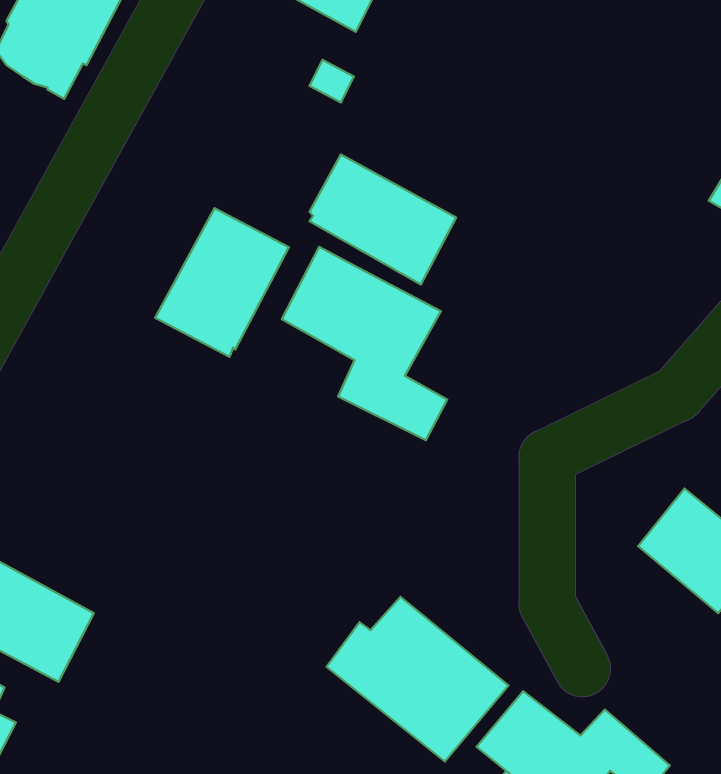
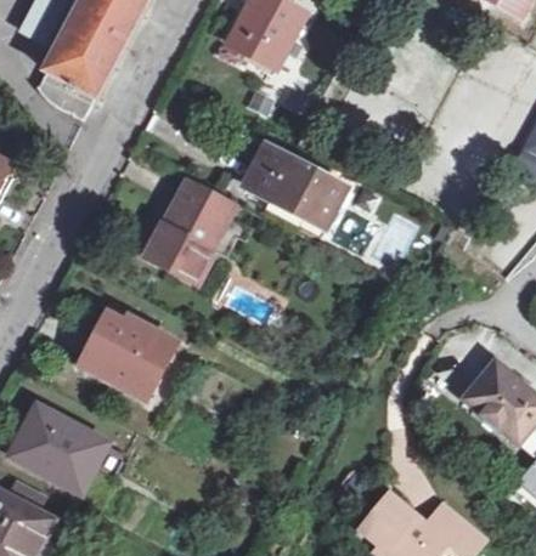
building: [282,247,447,440] -> none
building: none -> [83,312,174,393]
building: [326,597,509,761] -> none

